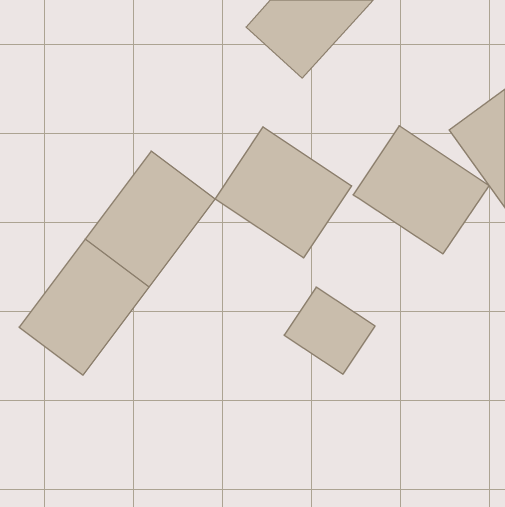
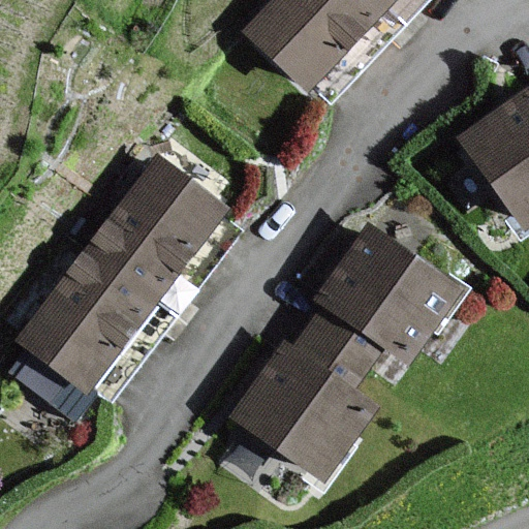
building: [353,126,489,254] -> [321,226,462,359]
building: [215,127,352,258] -> none
building: none -> [232,343,377,479]

